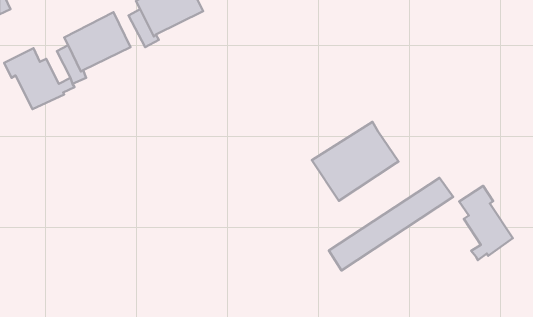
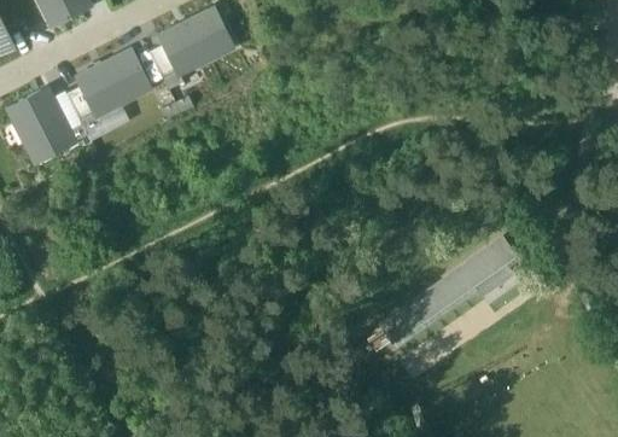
building: [312,122,398,201] -> none
building: [459,186,513,260] -> none

